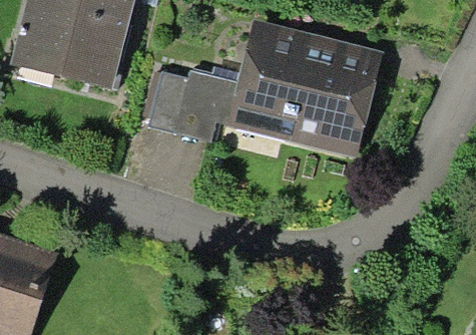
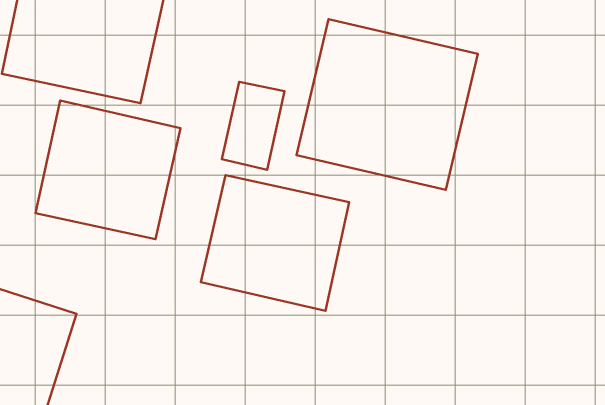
building: none -> [35,101,181,239]
building: none -> [201,175,349,311]

